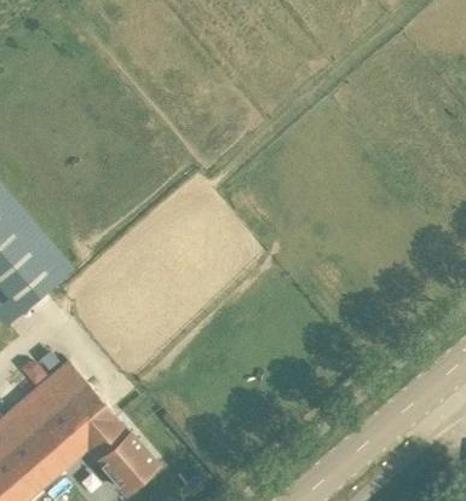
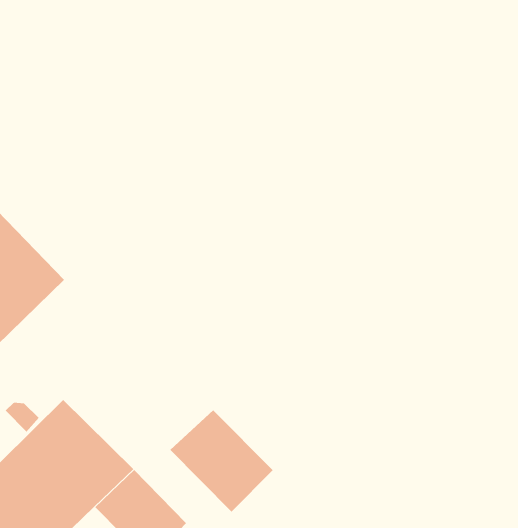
building: none -> [170,409,274,513]

